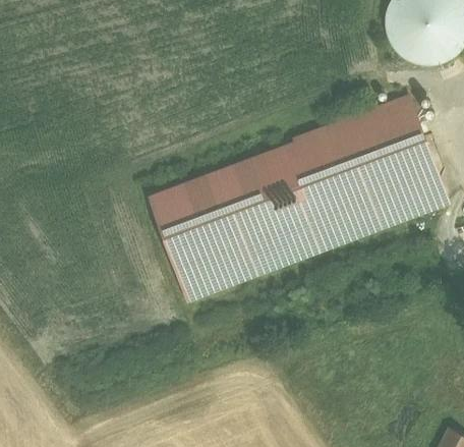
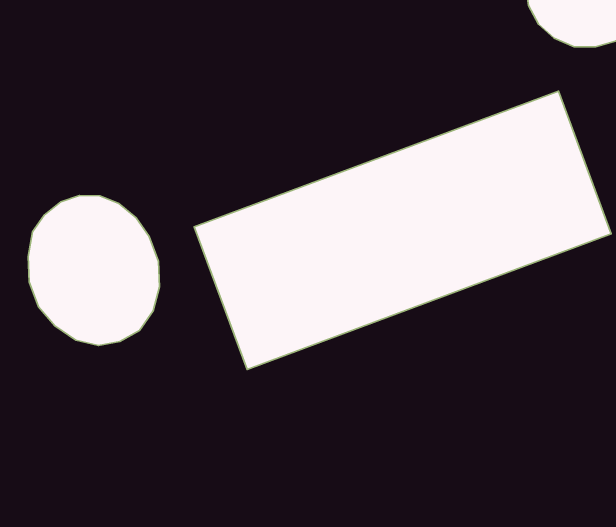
building: none -> [28,195,160,345]

